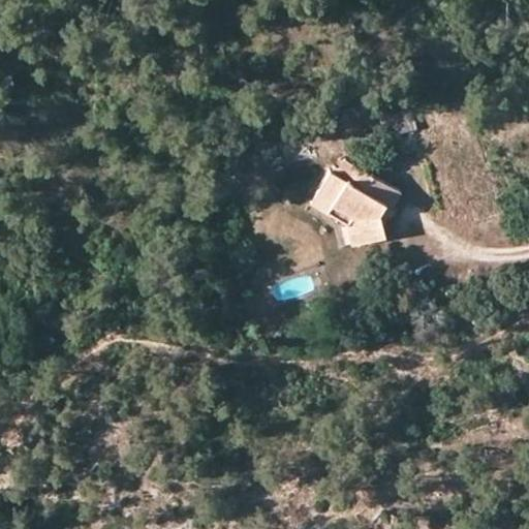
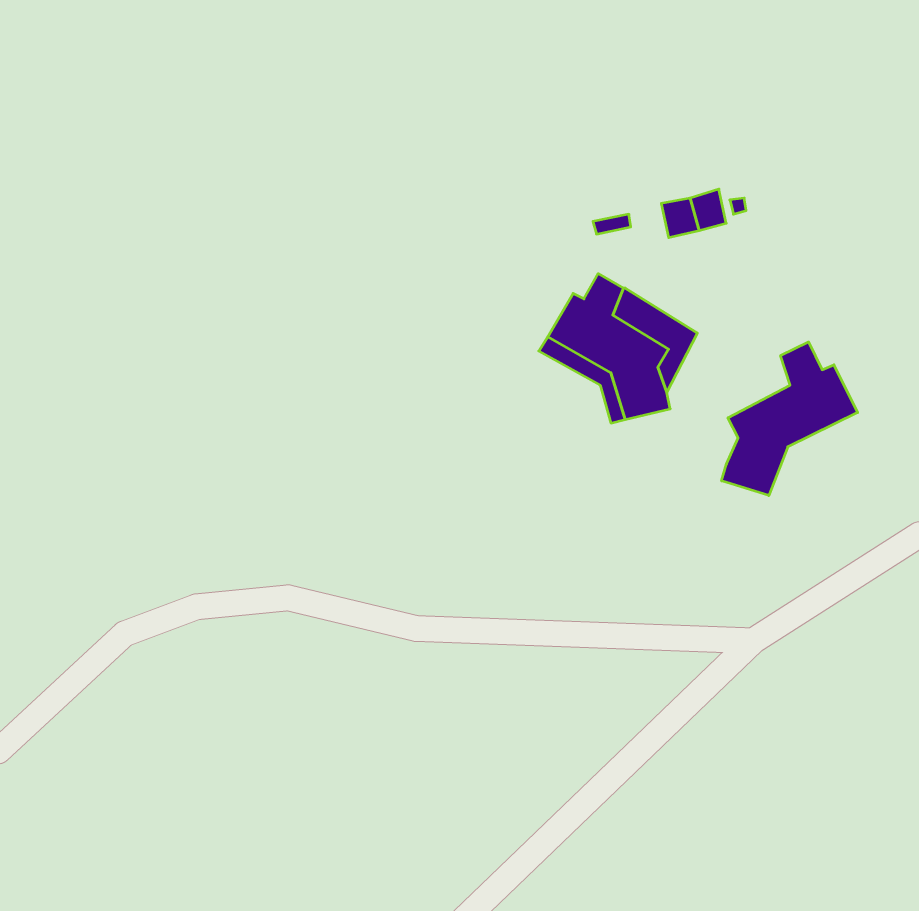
building: none -> [722,342,858,496]

